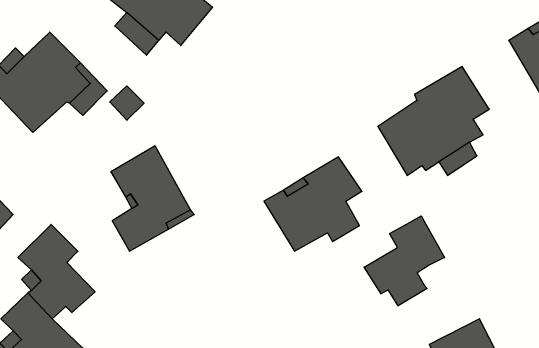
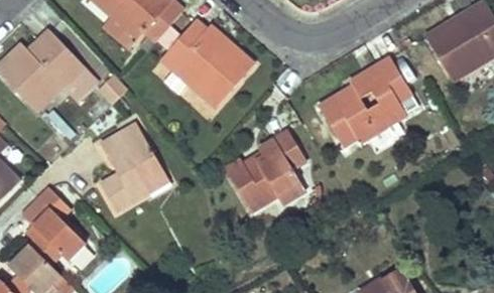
building: none -> [161,20,252,106]
building: [364,216,445,306] -> none

